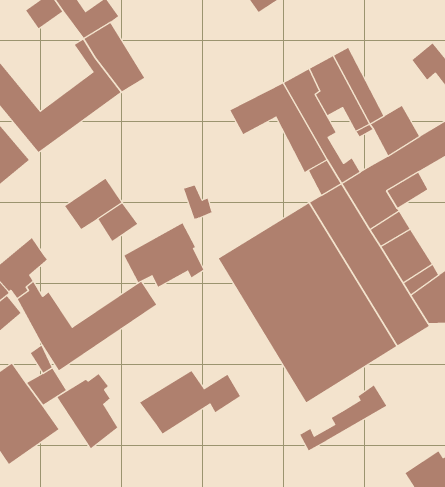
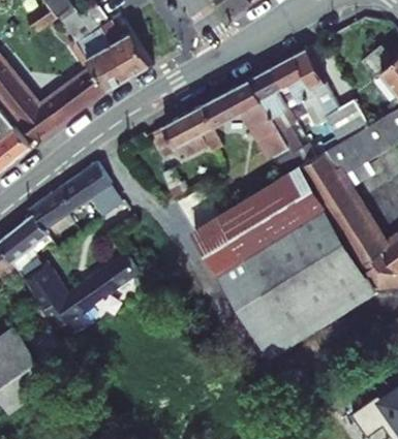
building: none -> [100,21,152,75]
building: none -> [29,187,74,229]
building: [123,222,204,288] -> [152,103,222,160]
building: [139,370,241,434] -> none
building: [57,373,118,449] -> none
building: [299,385,387,451] -> none

